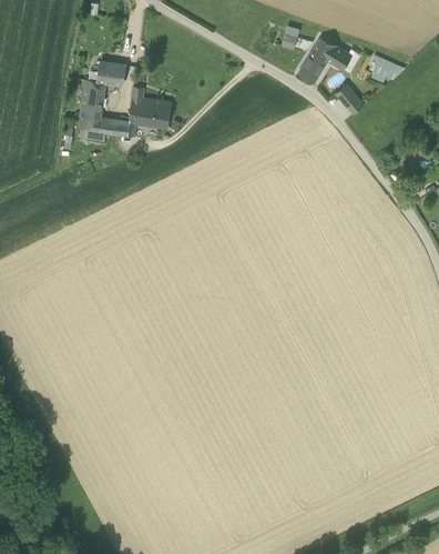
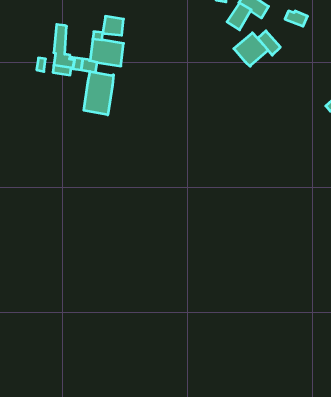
building: [99,59,124,82] -> [103,16,124,35]
building: none -> [234,33,268,66]
building: none -> [84,71,113,115]

